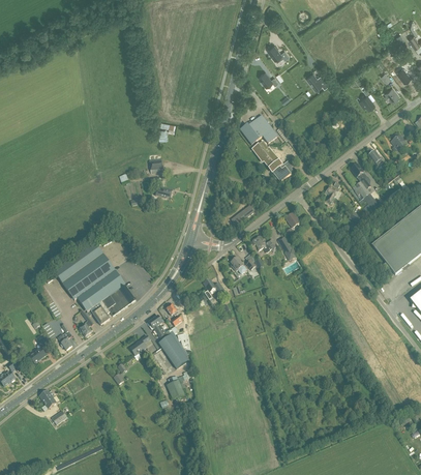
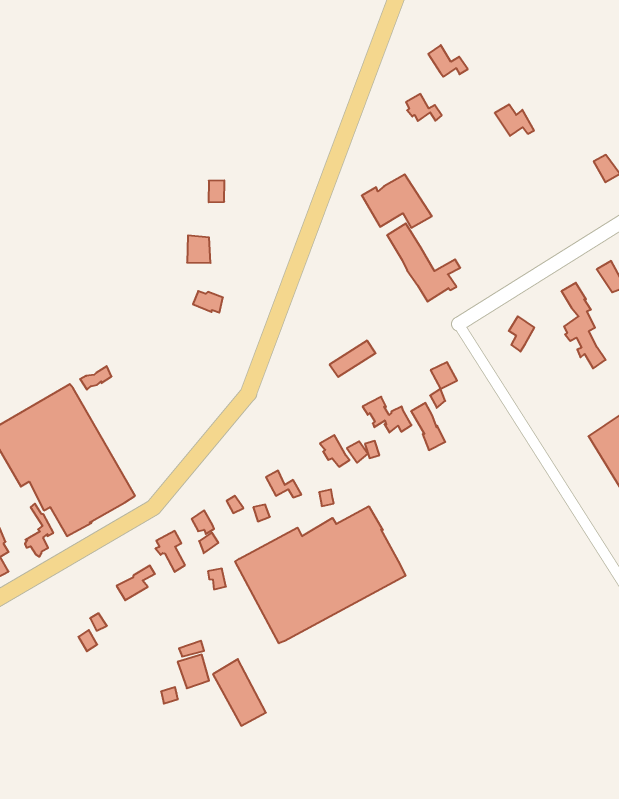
building: none -> [235,506,405,643]
building: [158,333,188,368] -> [213,659,266,726]

